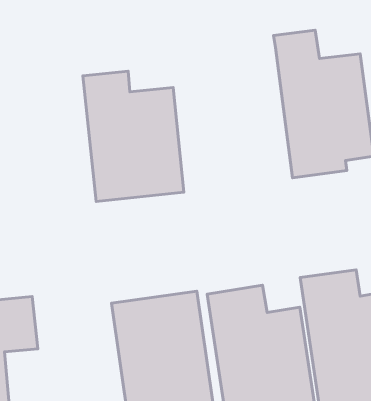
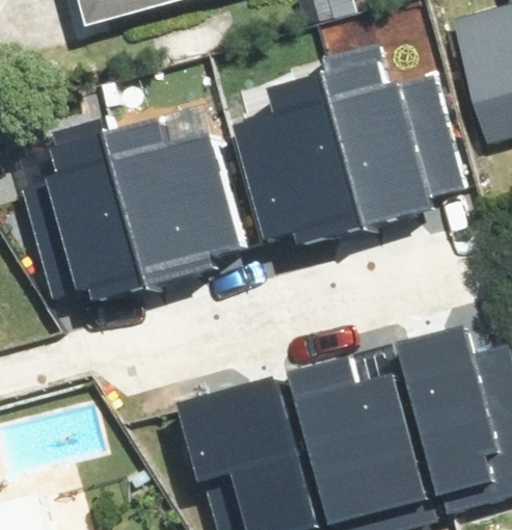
building: none -> [233,75,372,244]
building: none -> [42,117,146,297]

